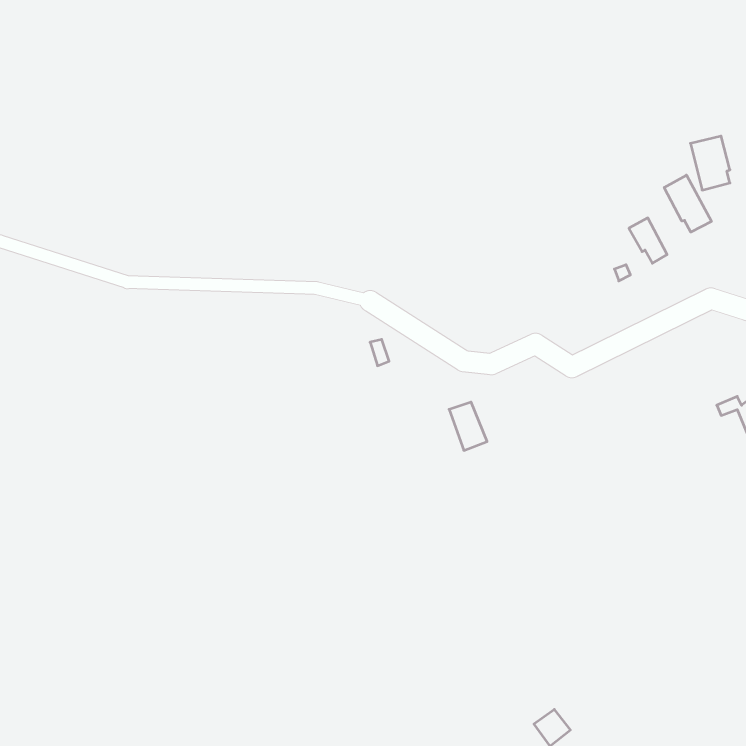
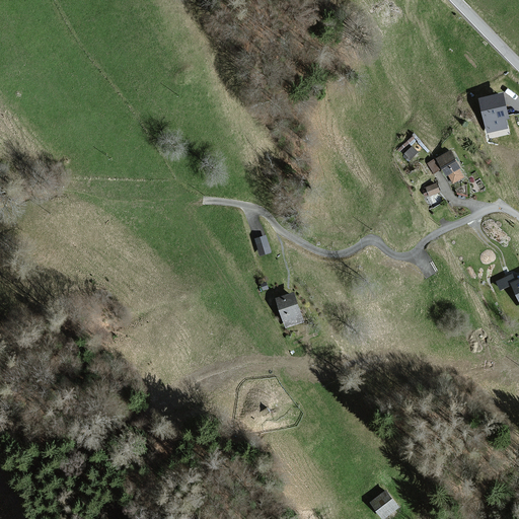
building: [664,175,711,232] -> none
building: [449,402,487,450] -> [276,293,302,326]

